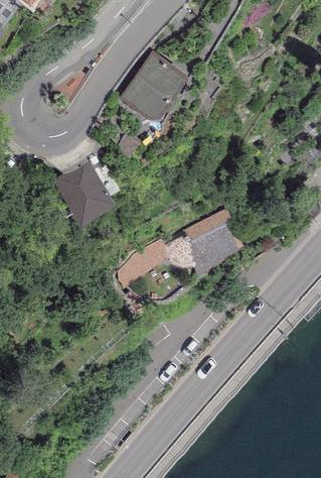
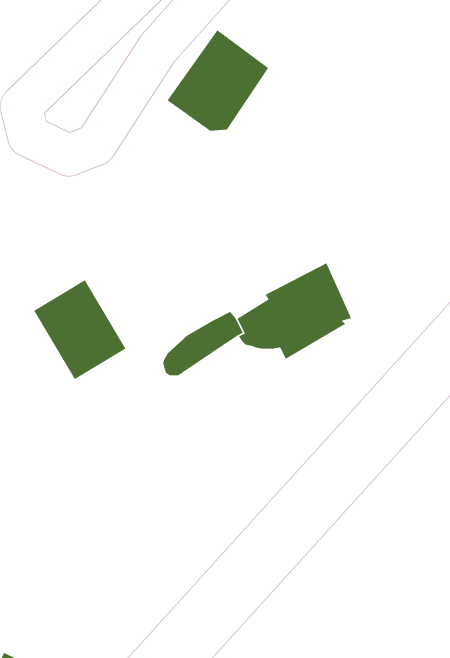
building: [52,159,116,228] -> [33,279,127,380]

